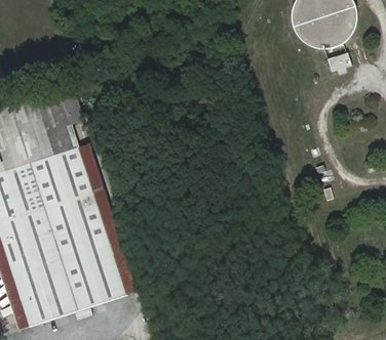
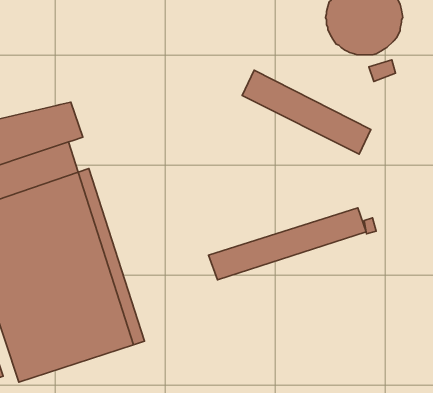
building: none -> [242,70,371,154]
building: none -> [209,208,366,280]

